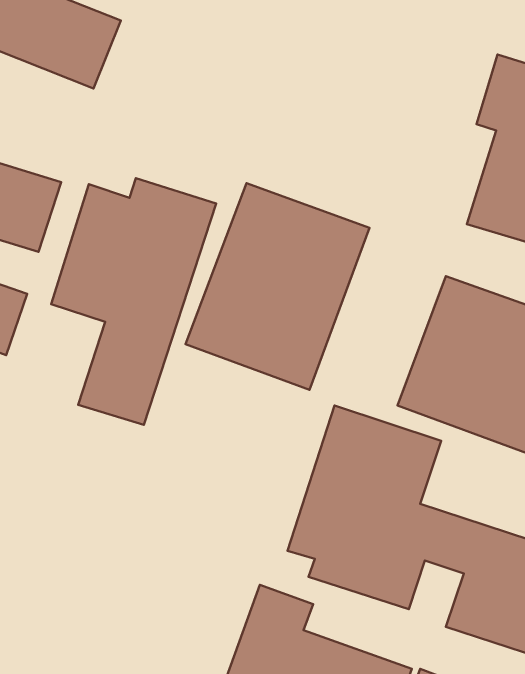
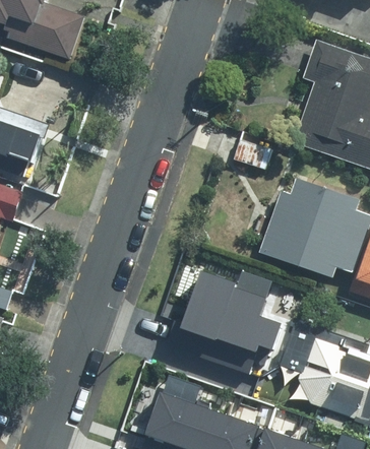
building: [51,178,216,425] -> none
building: [186,183,369,390] -> none

